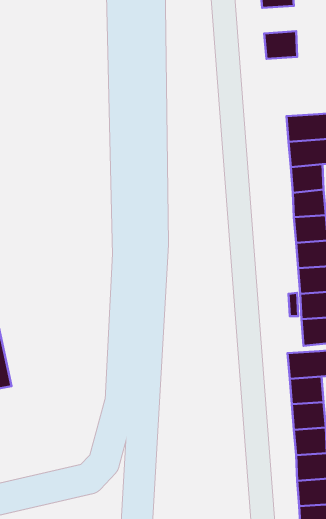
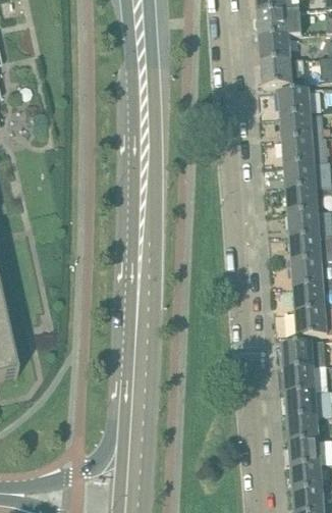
building: none -> [256,10,300,38]
building: none -> [260,60,291,87]
building: none -> [277,90,310,117]

